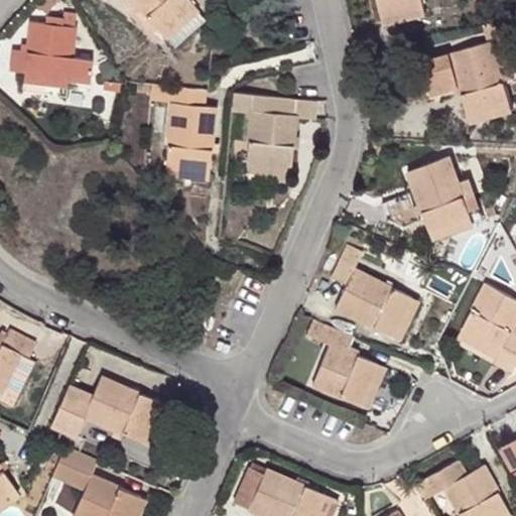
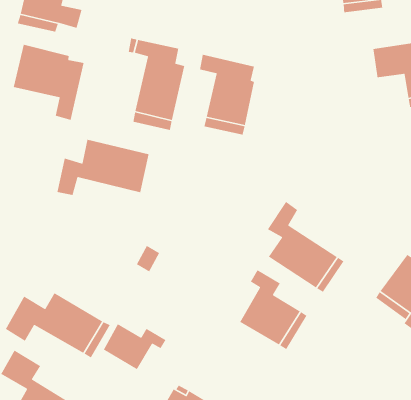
building: none -> [13,44,84,121]
building: [405,155,478,239] -> none
building: none -> [56,139,150,196]
building: none -> [103,323,167,370]

